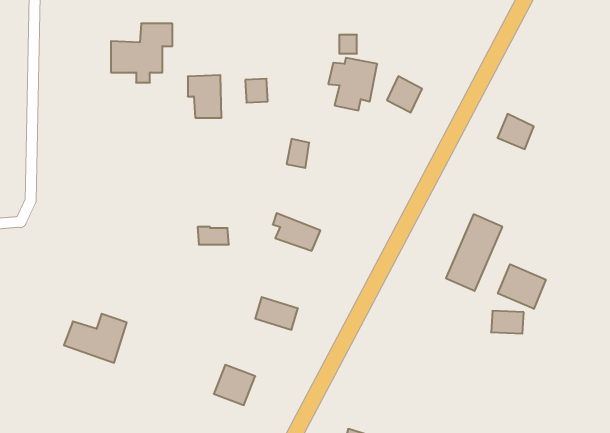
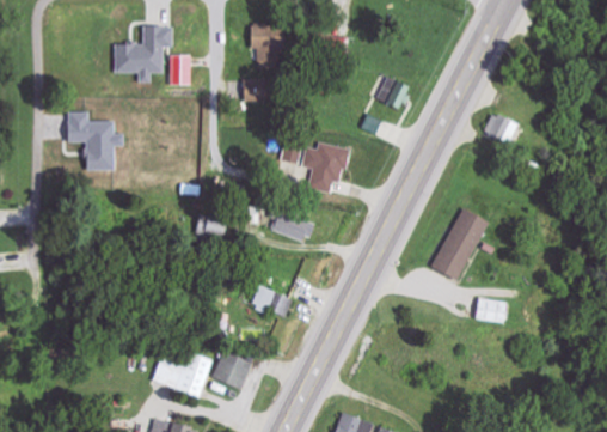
building: [328,58,377,110] -> [301,141,348,191]
building: [188,75,222,118] -> [250,26,282,67]
building: none -> [66,111,123,170]
building: [498,264,546,309] -> none
building: [64,314,127,363] -> [152,351,211,397]

